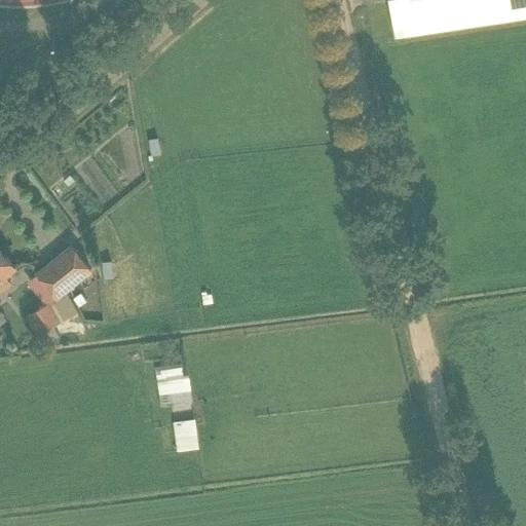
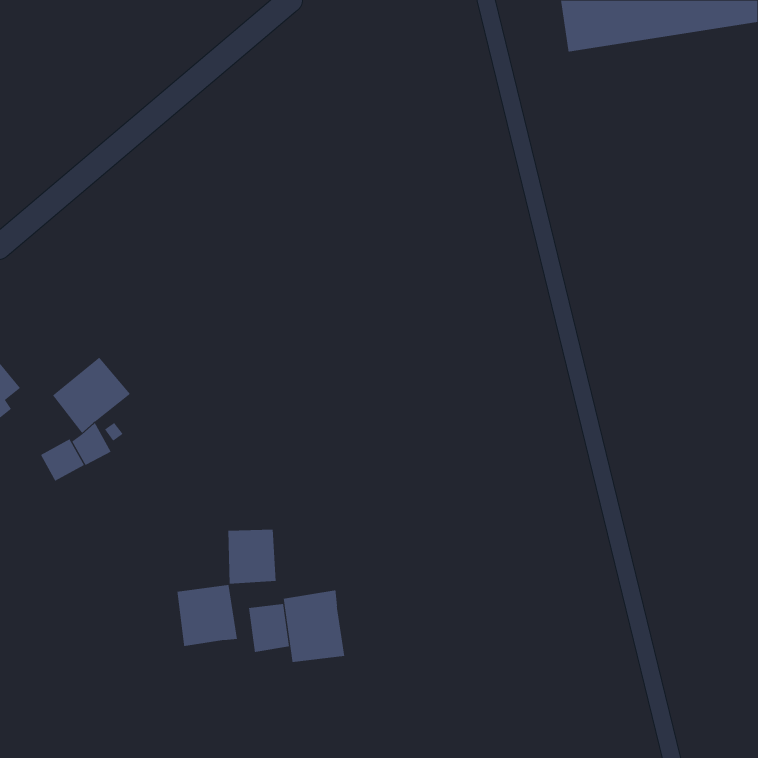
building: none -> [177,584,238,647]
building: none -> [283,589,345,663]

